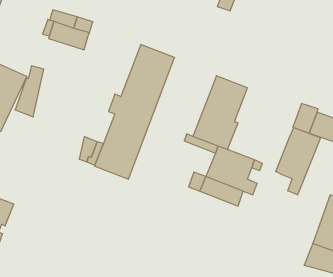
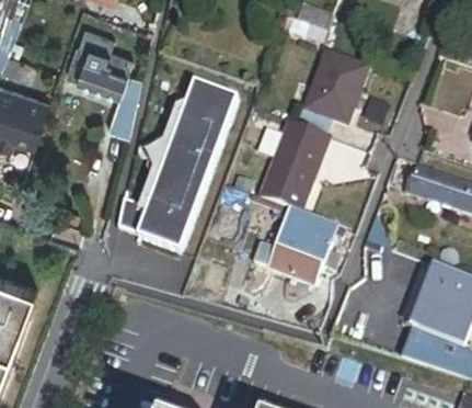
building: none -> [304,46,370,123]
building: [15,66,44,117] -> [107,70,143,135]
building: [276,127,320,195] -> none

